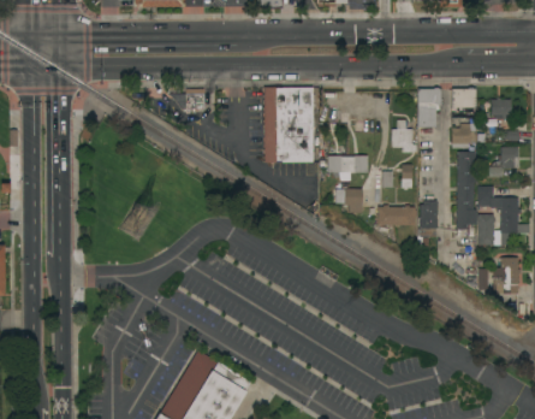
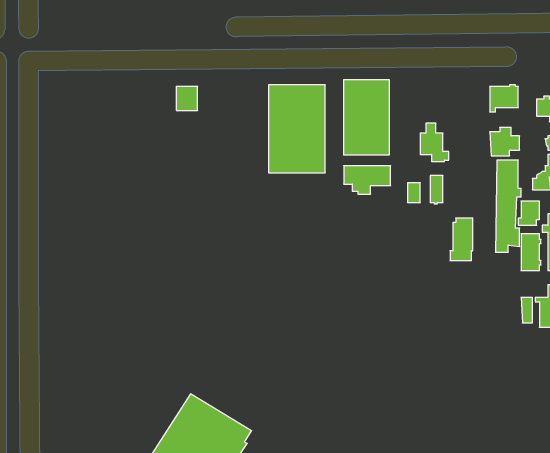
building: none -> [344,80,389,155]
building: [417,88,440,128] -> none
building: [333,183,362,213] -> none
building: [376,205,416,228] -> none

